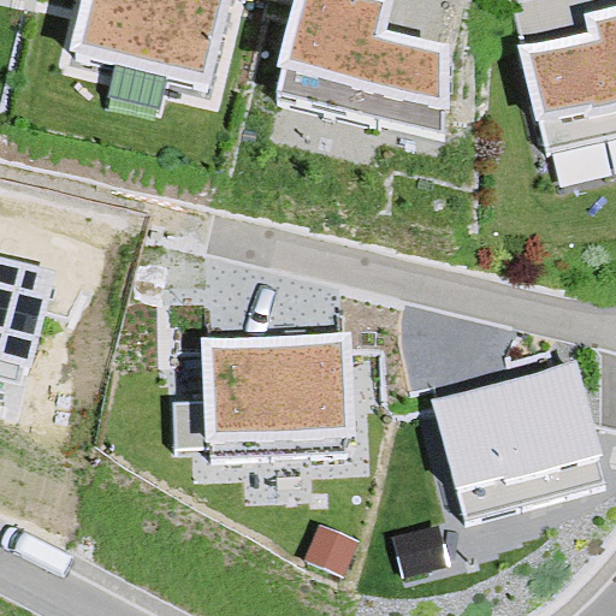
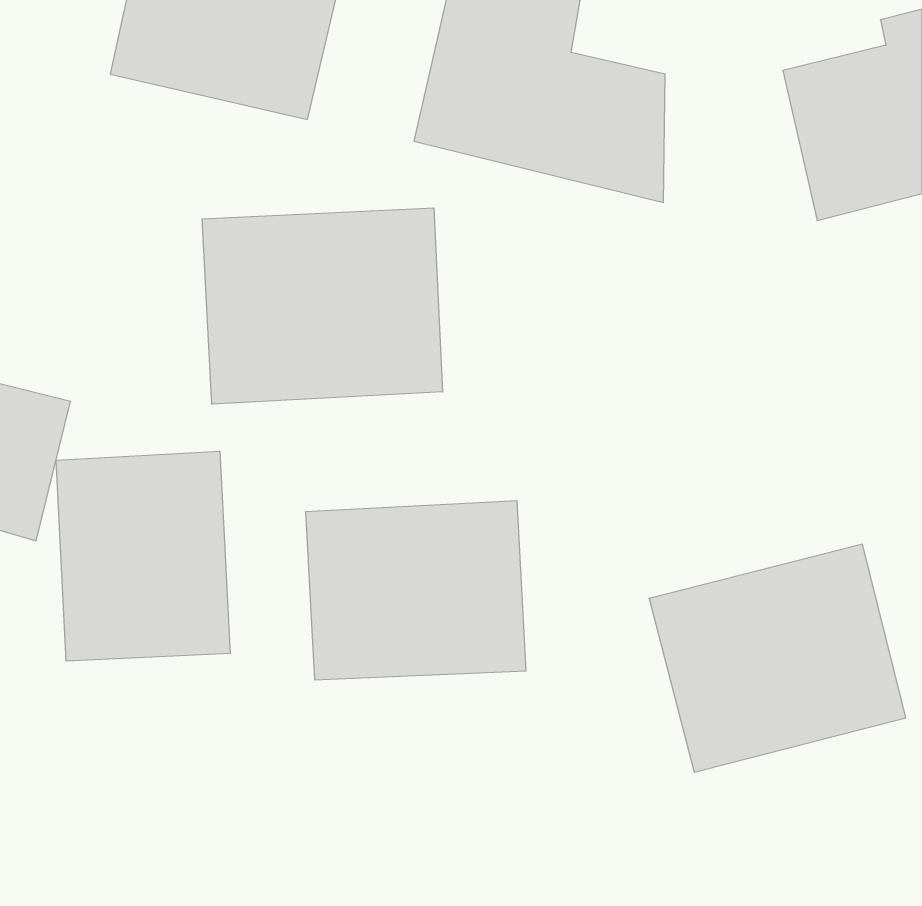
building: none -> [202,208,443,404]
building: none -> [56,451,230,661]

